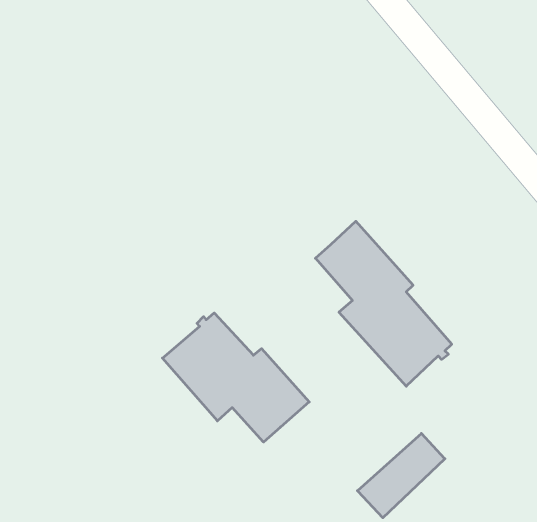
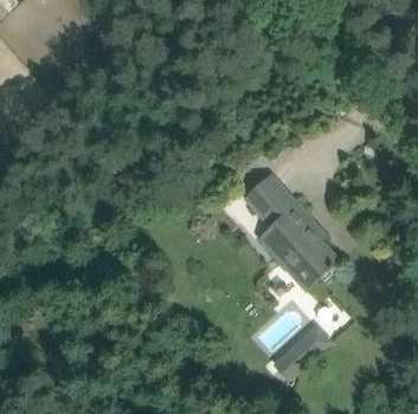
building: [162,313,309,442] -> none

